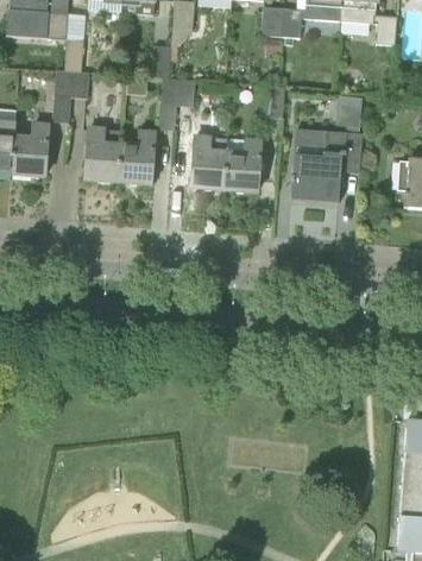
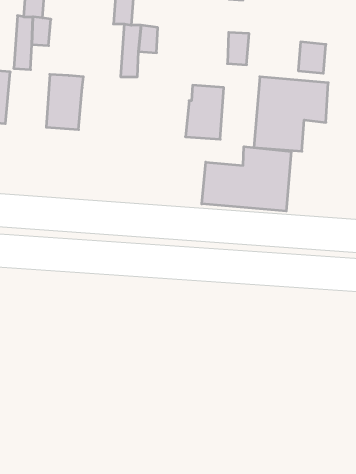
building: [118,130,156,183] -> none
building: [191,134,227,188] -> none
building: none -> [202,147,291,211]

